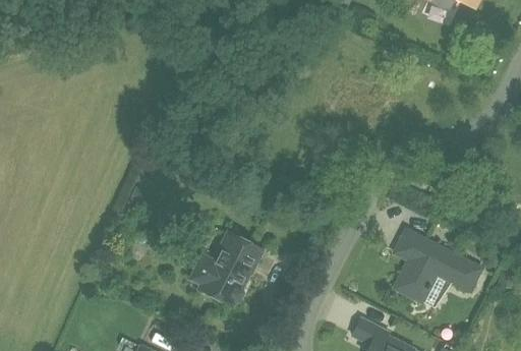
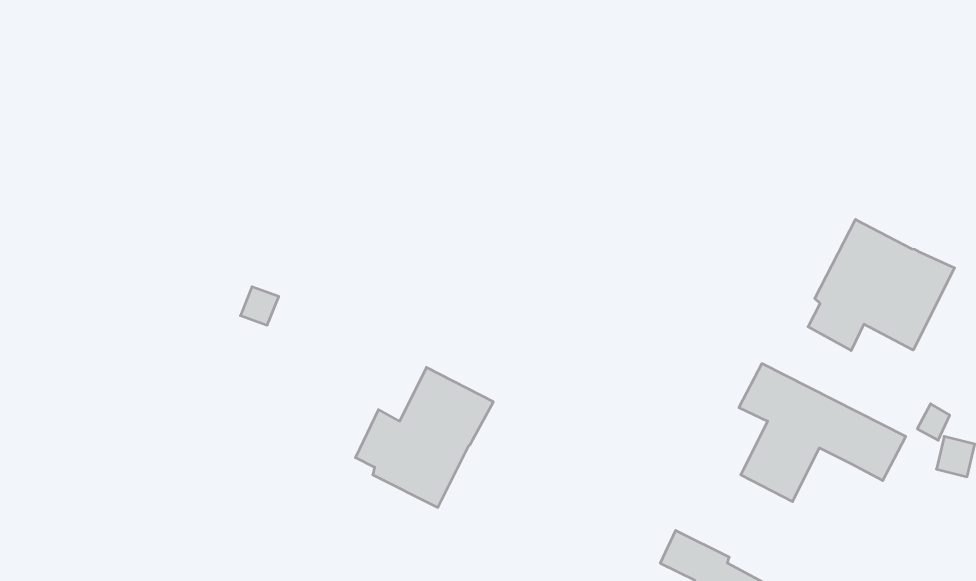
building: none -> [808,219,955,351]

